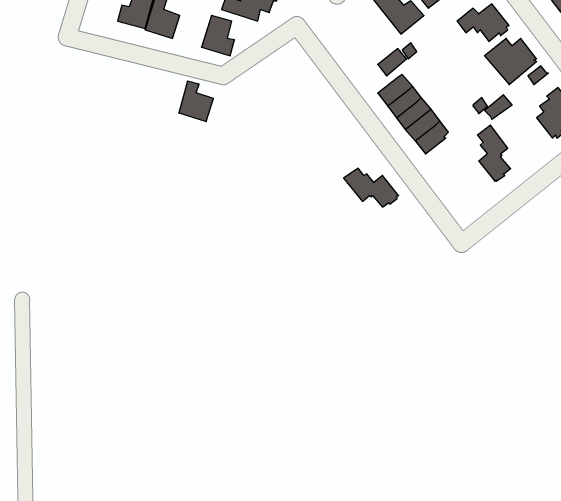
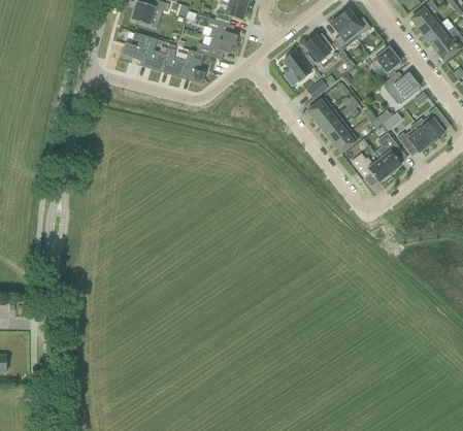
building: none -> [283,52,309,81]
building: [179,81,213,122] -> [161,48,186,77]
building: none -> [396,128,431,153]
building: [344,168,399,207] -> [351,154,390,181]

